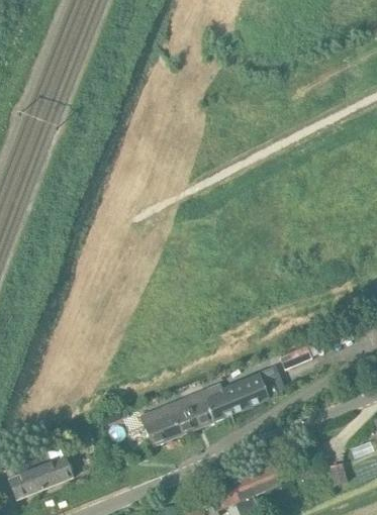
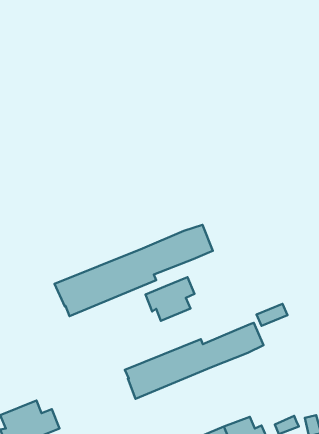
building: none -> [55,225,213,316]
building: none -> [145,277,194,321]

